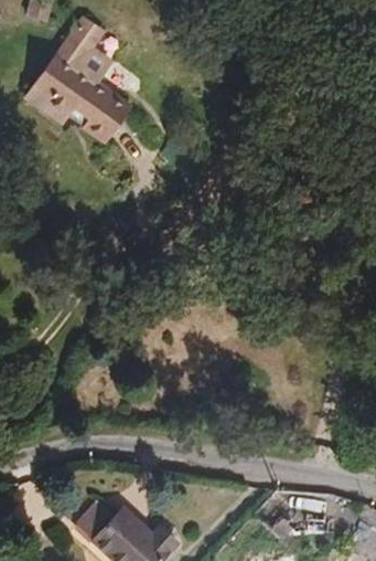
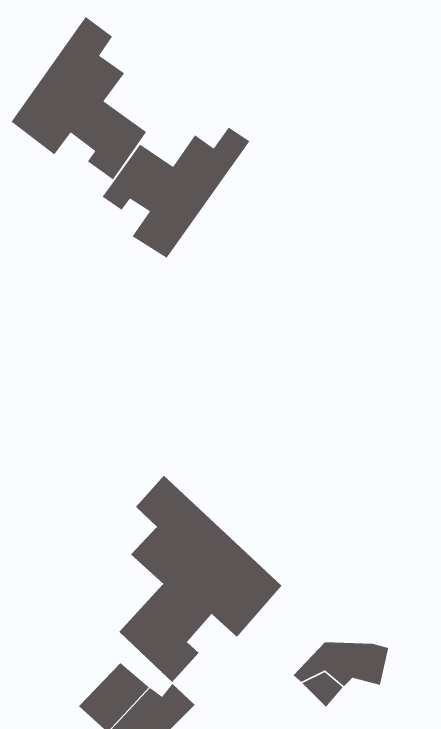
building: none -> [102,126,250,259]
building: none -> [118,475,282,683]

